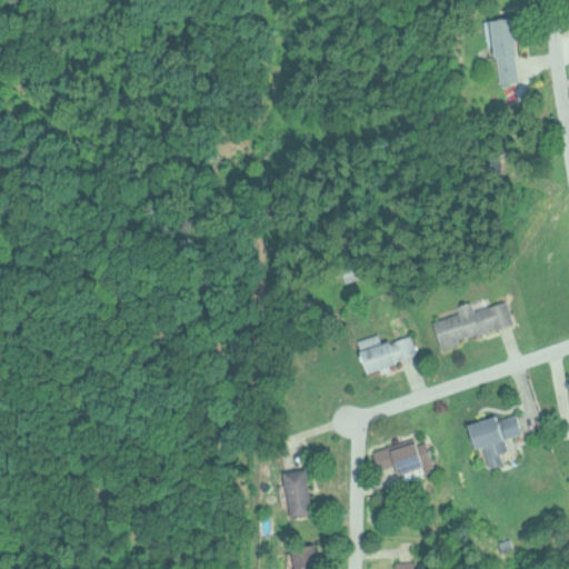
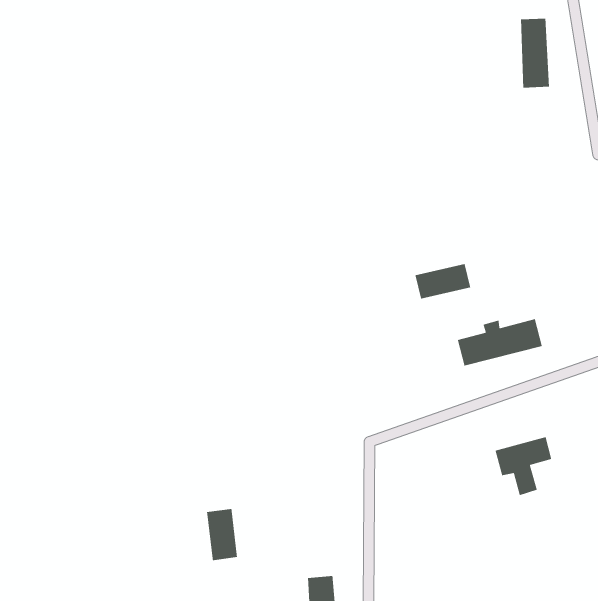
building: [362,337,416,371] -> [415,263,471,300]
building: [370,437,433,477] -> none
building: [279,468,309,518] -> [206,508,238,561]

